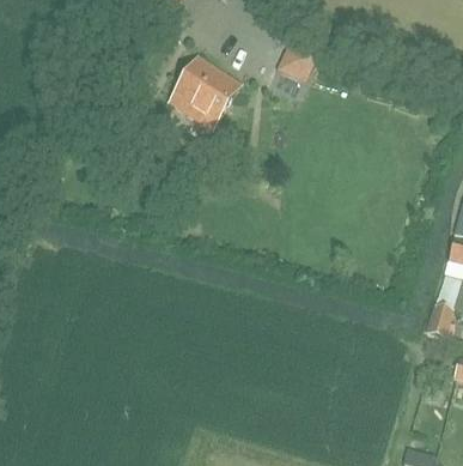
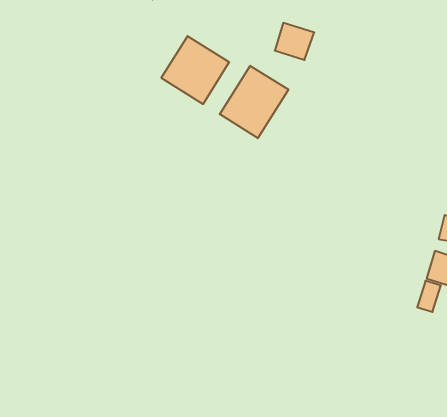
building: none -> [220,66,288,138]

